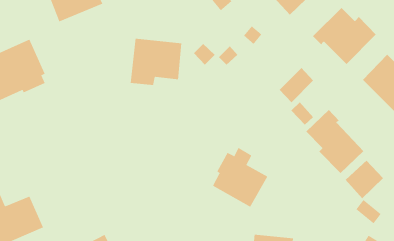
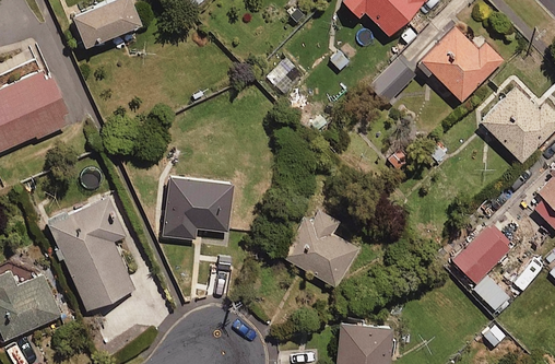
building: [130,38,182,86] -> [164,177,233,239]
building: [279,67,314,103] -> [370,57,416,104]
building: [306,109,364,174] -> none
building: none -> [50,197,134,310]

